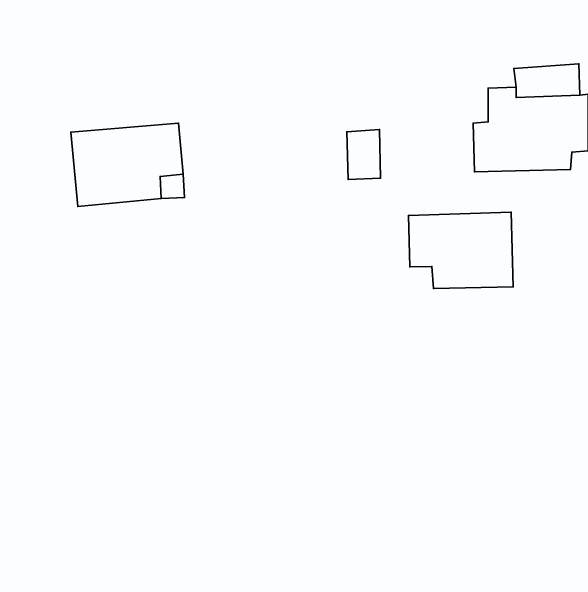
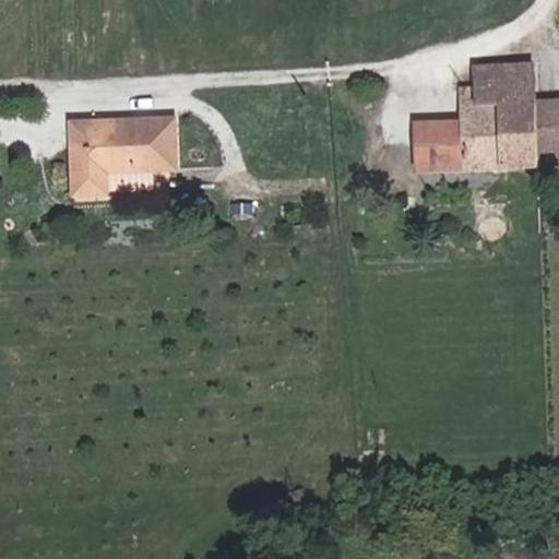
building: [347,129,381,179] -> [415,117,447,164]
building: [408,212,513,289] -> none

